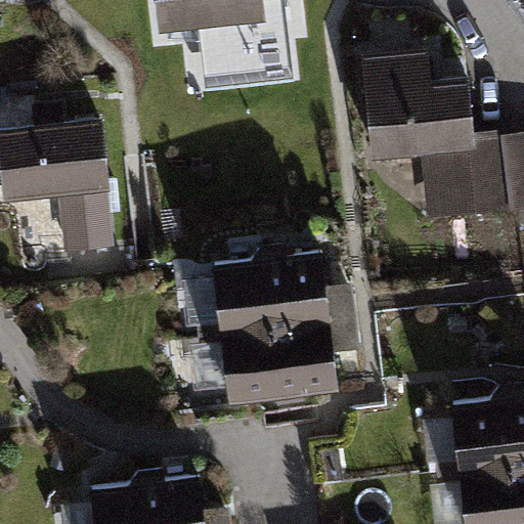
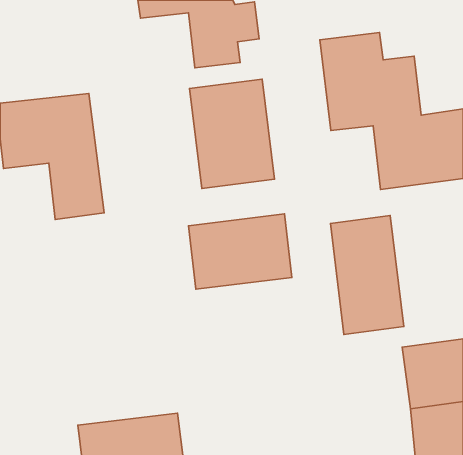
building: none -> [189,79,274,189]
building: none -> [330,216,404,334]
building: [221,322,338,405] -> none

